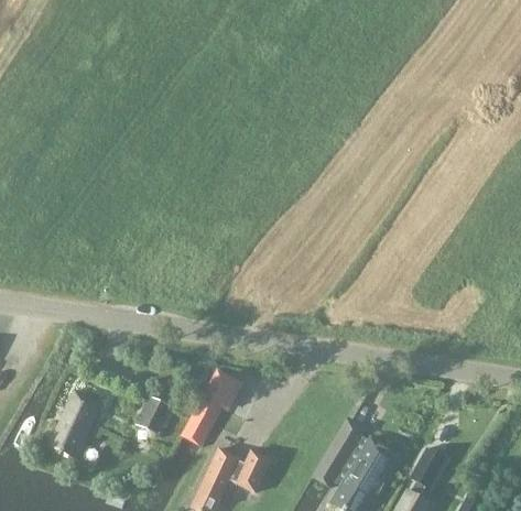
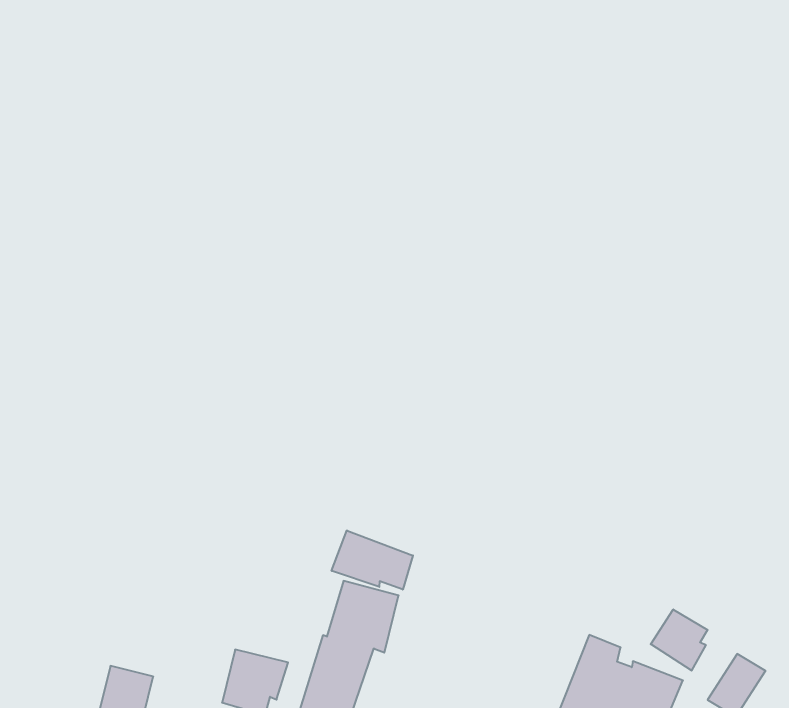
building: none -> [332,530,413,590]
building: none -> [651,609,708,671]

